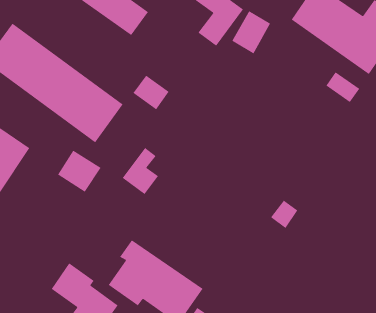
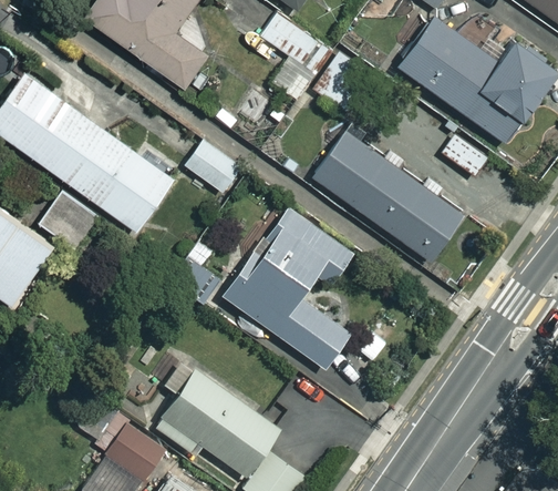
building: none -> [312,120,464,262]
building: none -> [225,208,355,369]
building: [57,150,102,193] -> [40,192,100,249]

